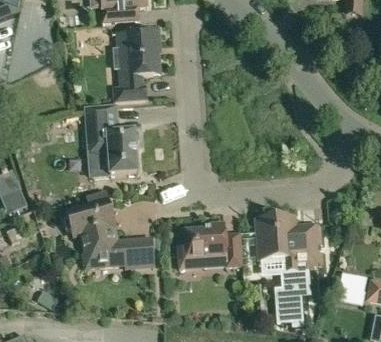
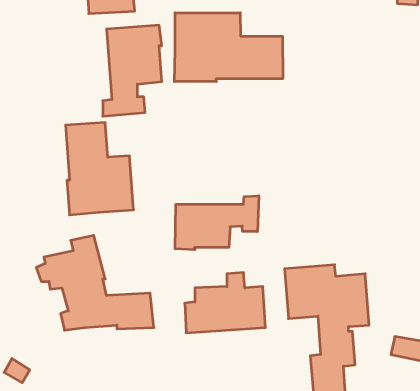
building: none -> [174,13,283,82]
building: none -> [175,196,259,250]

